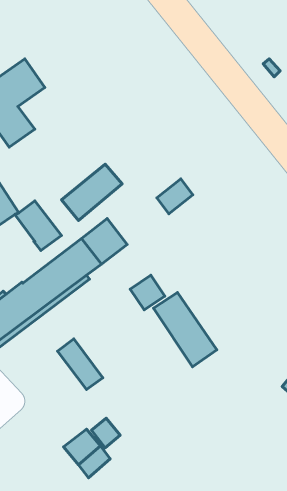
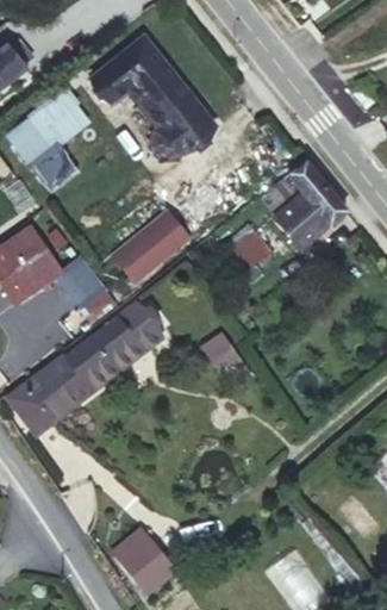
building: none -> [93,38,213,156]
building: none -> [274,158,347,248]
building: [153,292,217,367] -> none
building: [57,339,103,390] -> none

